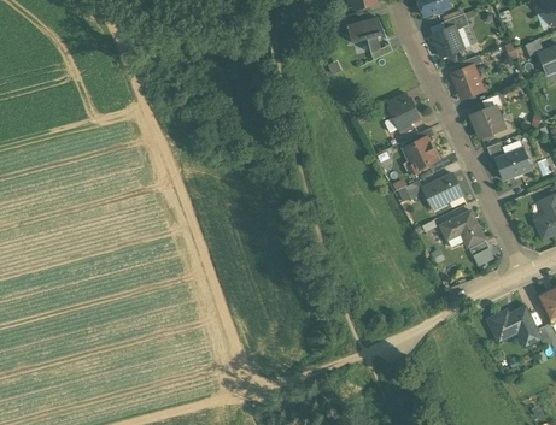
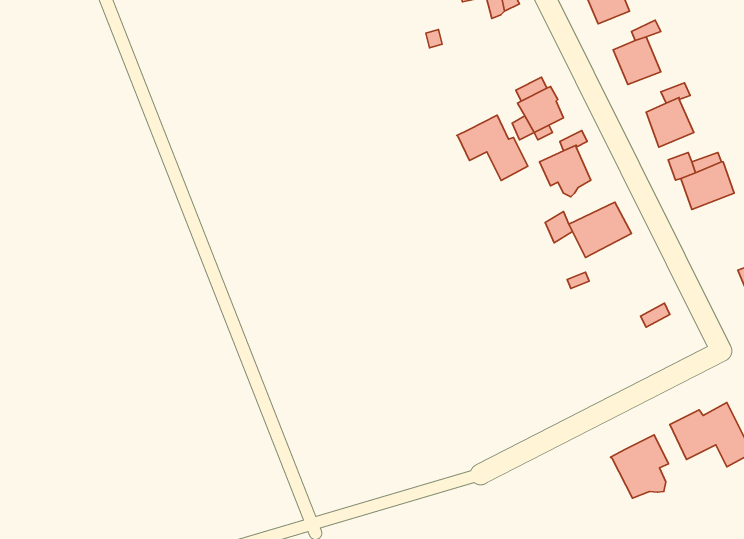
building: none -> [457,115,528,181]
building: [440,211,484,246] -> none
building: none -> [610,435,669,498]

